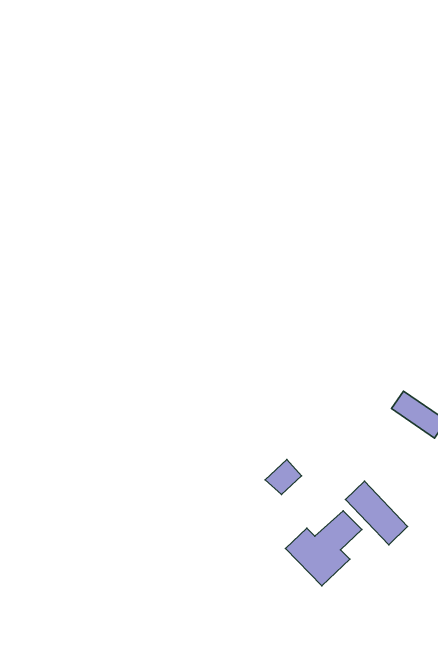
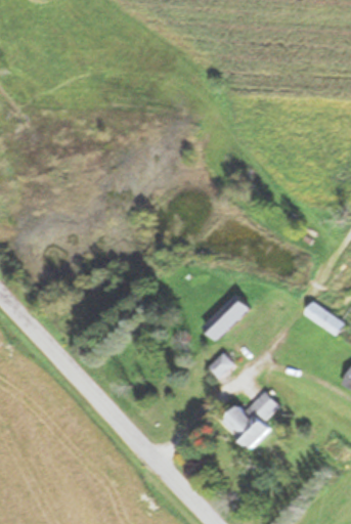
building: none -> [203,294,250,341]
building: [346,481,408,545] -> none

